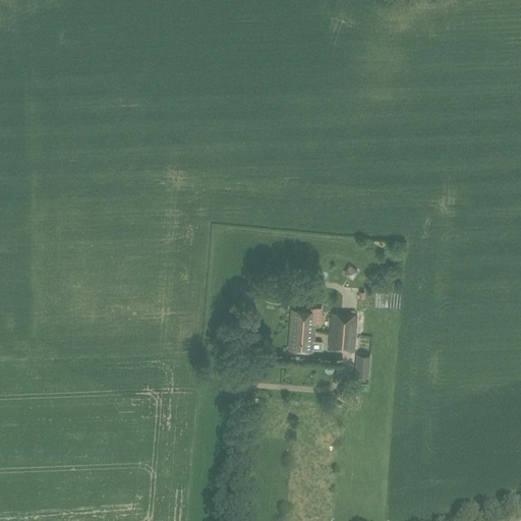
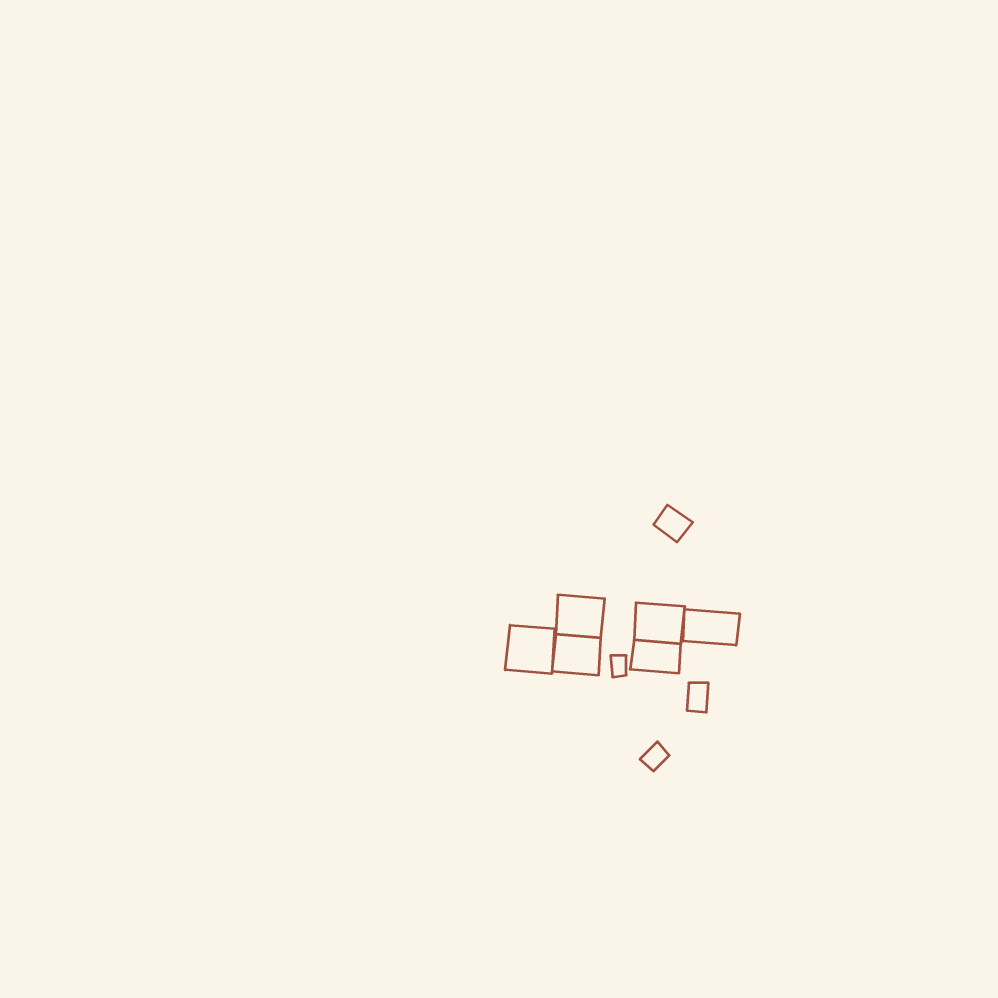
building: none -> [683,609,740,645]
building: none -> [505,625,555,674]

